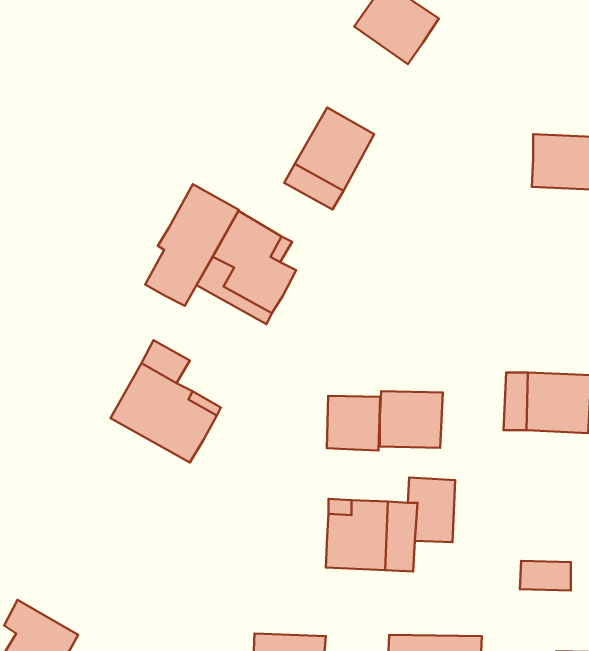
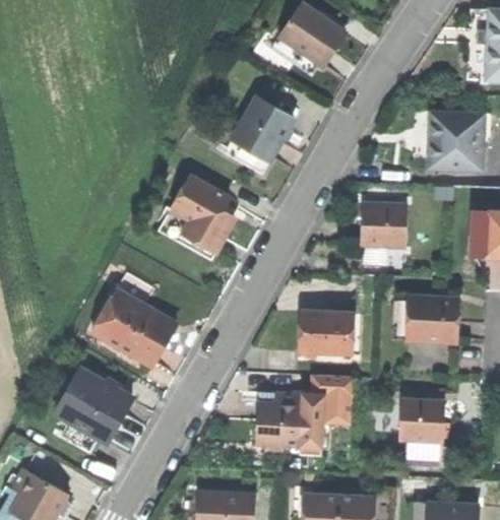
building: [145,184,239,306] -> none
building: none -> [361,203,405,243]
building: [327,396,380,450] -> none
building: none -> [58,369,134,442]
building: none -> [399,397,444,440]

